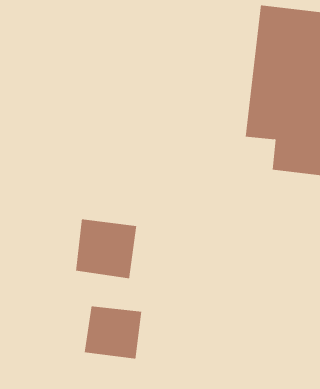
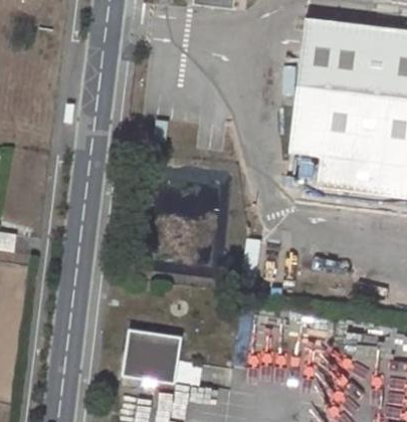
building: [76,218,137,279] -> none

